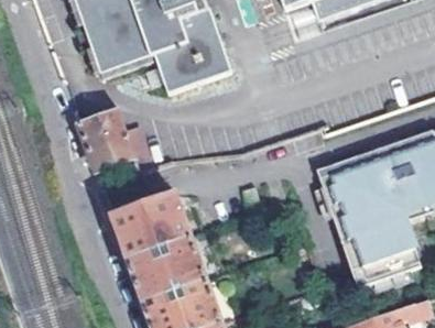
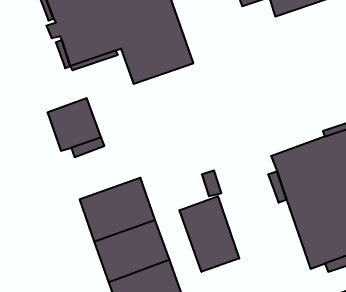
building: none -> [179,196,239,272]

